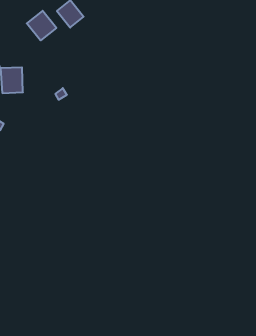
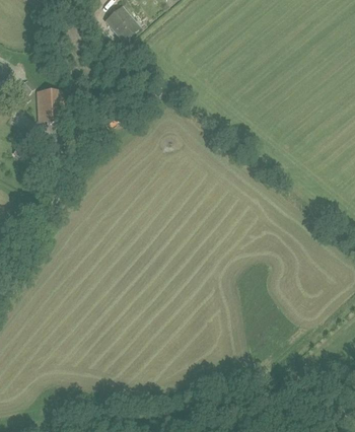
building: [27,11,56,40] -> none

